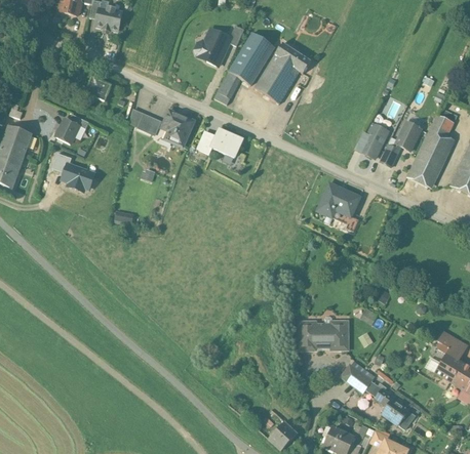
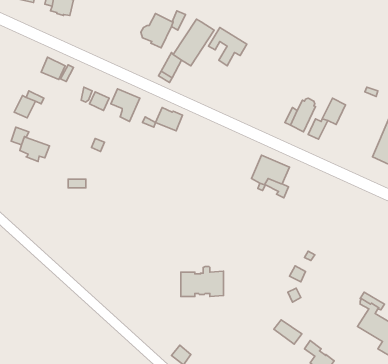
building: [254,58,290,104] -> none
building: [407,113,456,188] -> none
building: [300,316,347,348] -> [181,267,224,296]

